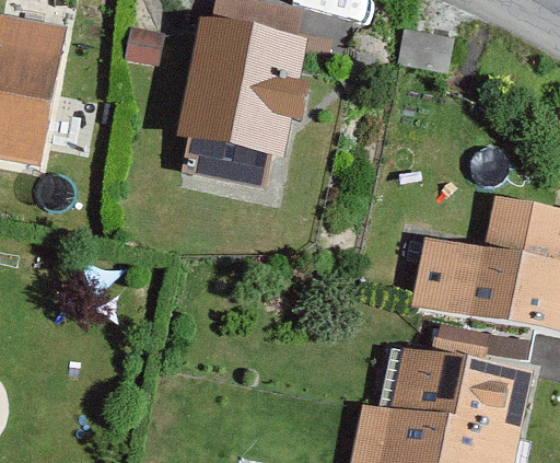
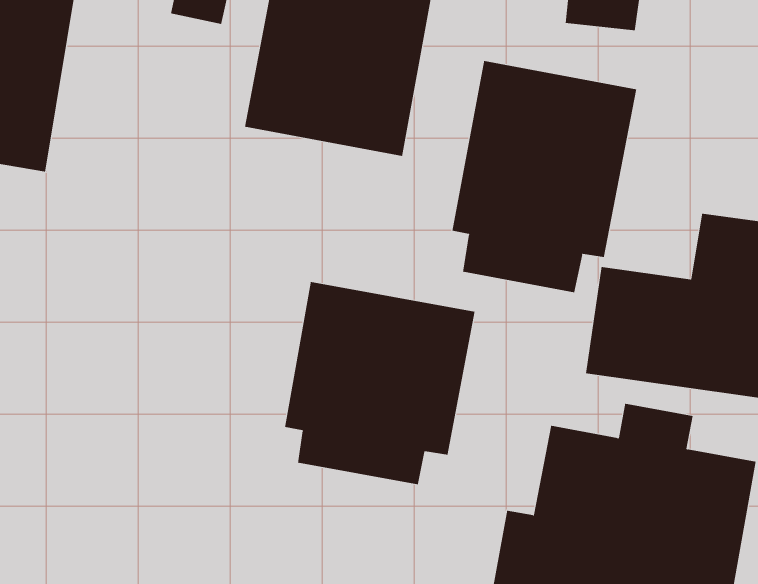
building: none -> [452,60,637,293]
building: none -> [284,281,475,485]

